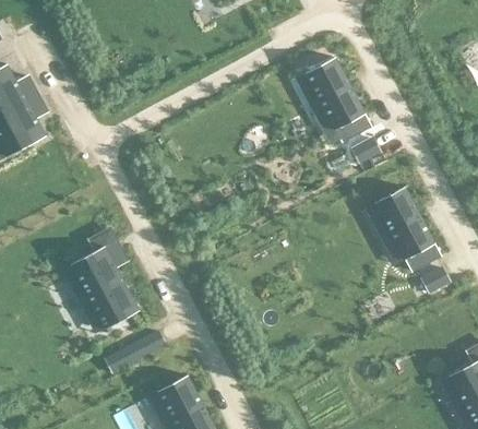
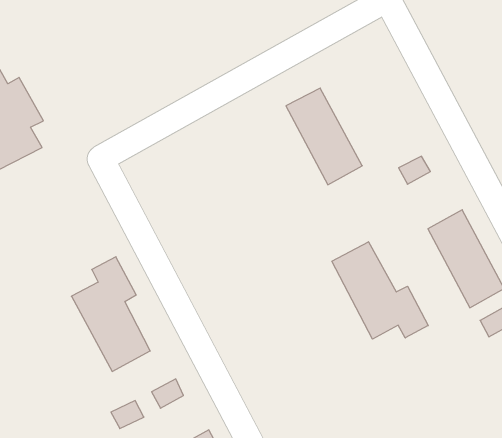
building: [303,59,369,142] -> [286,88,362,185]
building: none -> [332,242,428,339]

